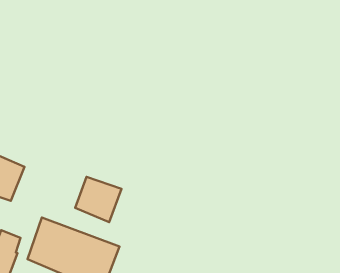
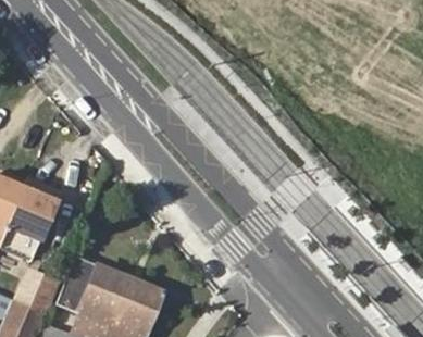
building: [75,177,122,222] -> none

